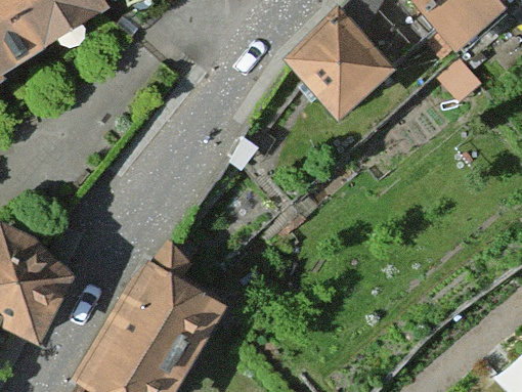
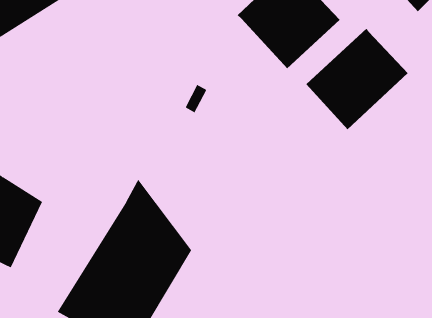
building: none -> [306,28,408,130]

